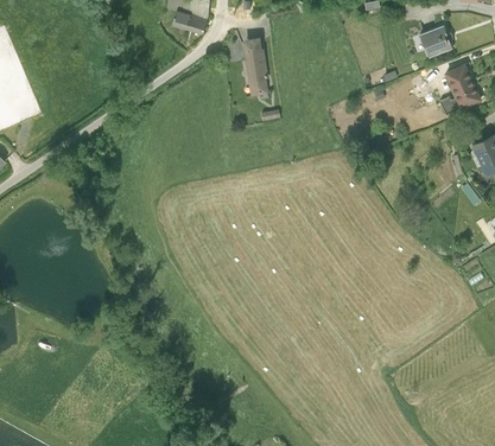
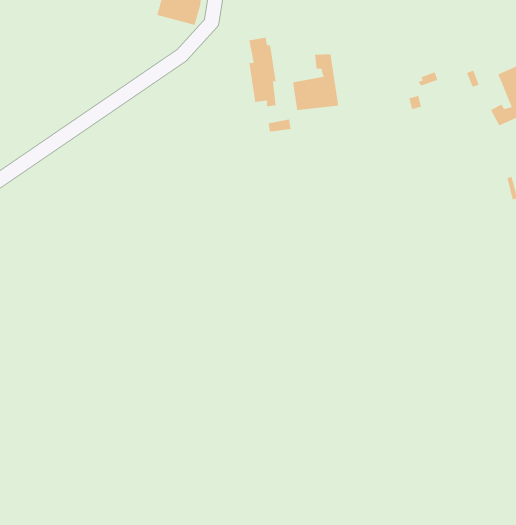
building: [420,25,452,58] -> none
building: none -> [292,53,339,111]

